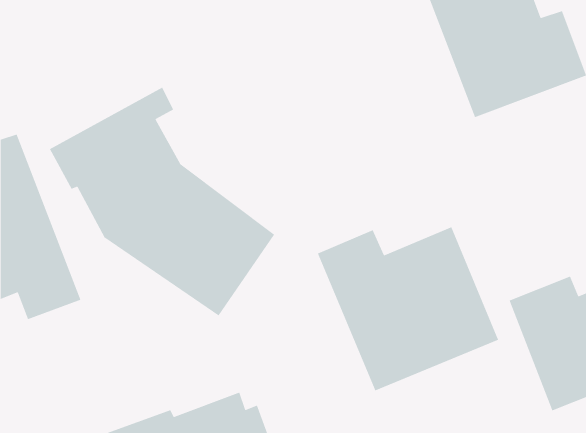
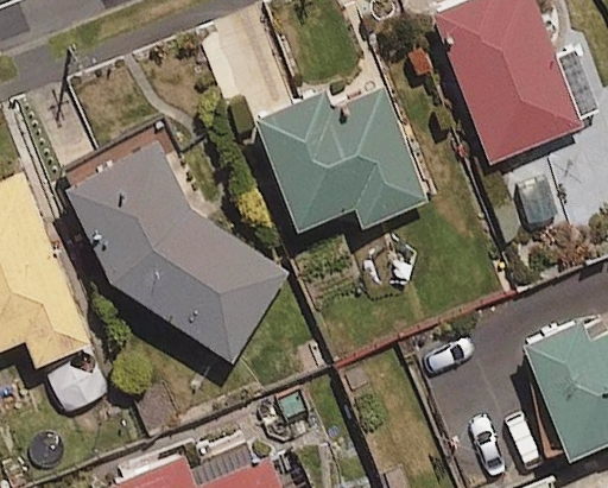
building: none -> [248,88,431,229]
building: [317,226,499,392] -> none

